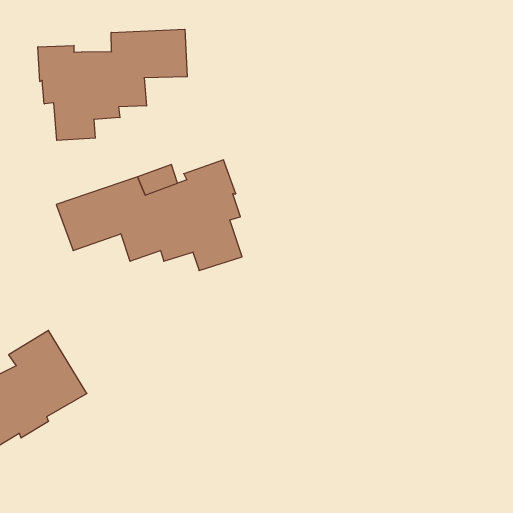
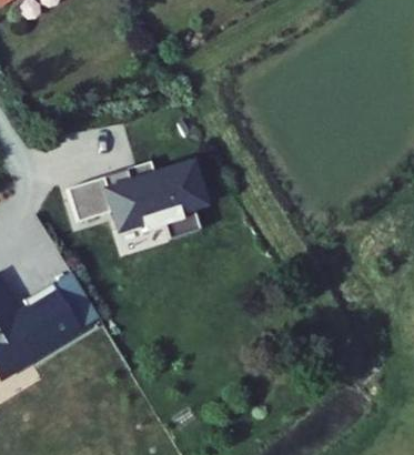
building: [38,29,187,140] -> none

